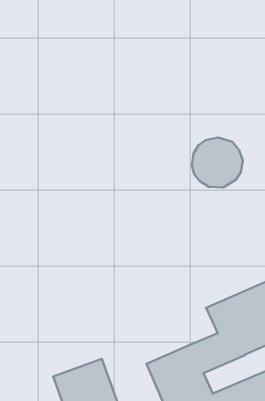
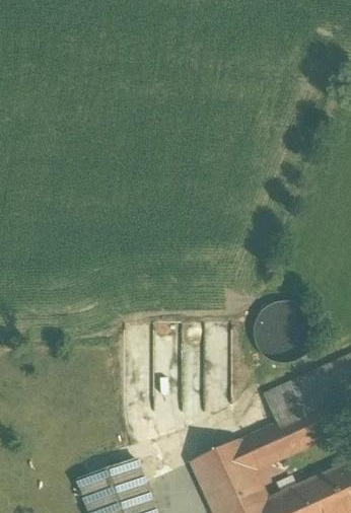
building: [192,138,243,188] -> [248,299,308,359]

